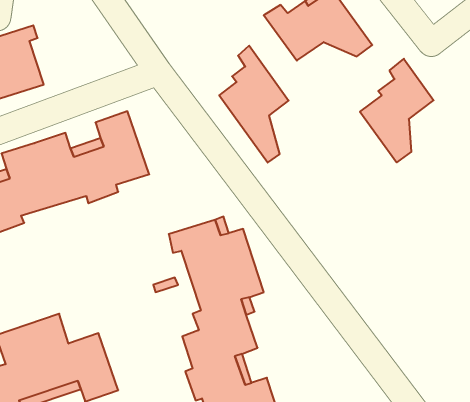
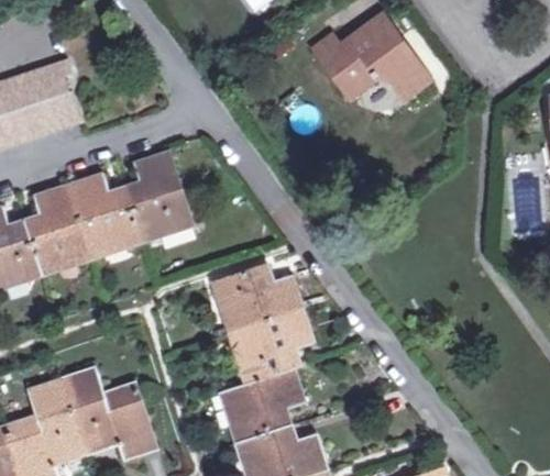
building: [219,46,289,163] -> none
building: [360,59,434,162] -> none

